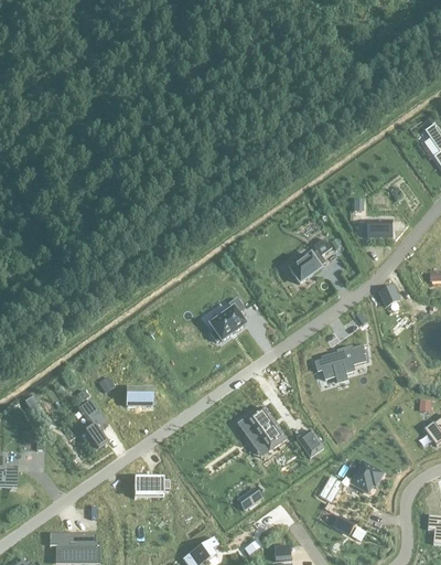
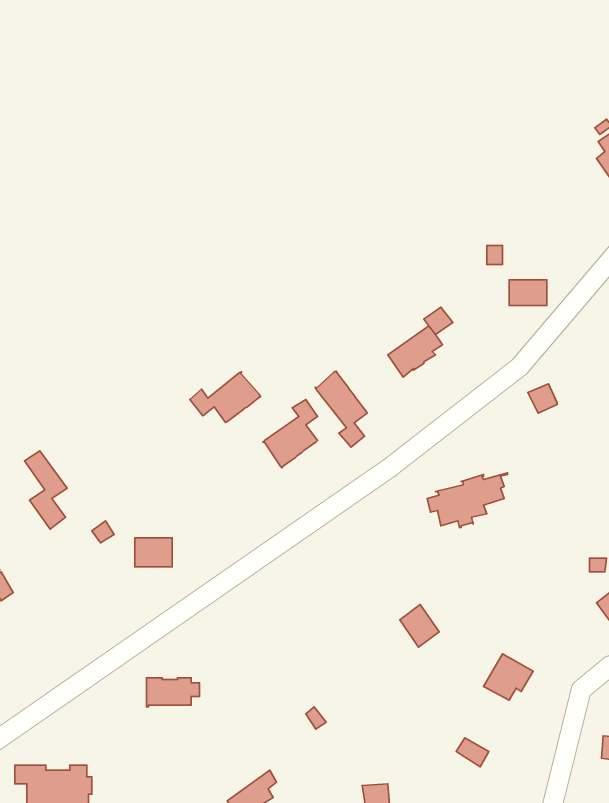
building: none -> [315,371,367,447]
building: none -> [190,372,261,423]
building: [77,395,105,446] -> [24,451,67,529]
building: [237,406,284,450] -> none

